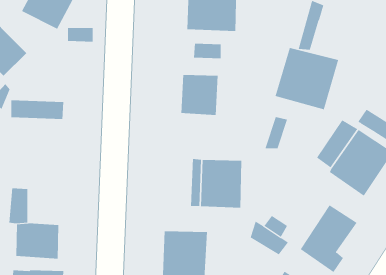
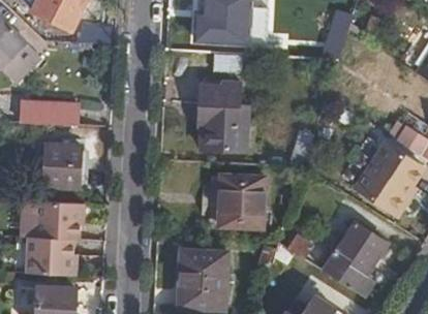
building: [275,47,339,110] -> none
building: none -> [203,105,250,151]
building: none -> [43,148,81,190]
building: none -> [38,205,80,243]

